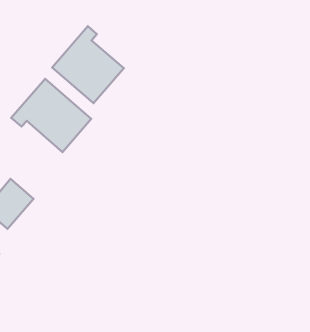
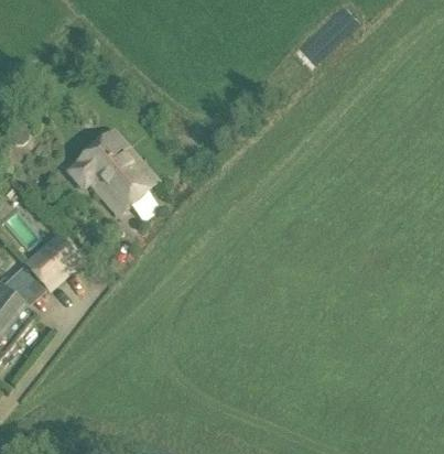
building: [52,26,124,103] -> none

